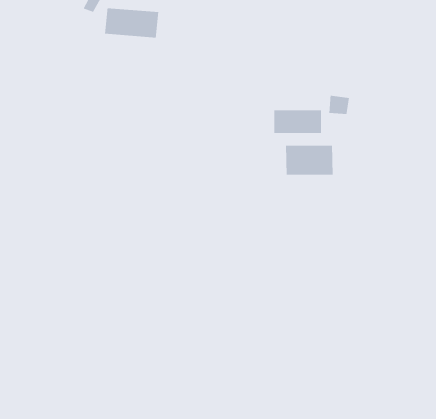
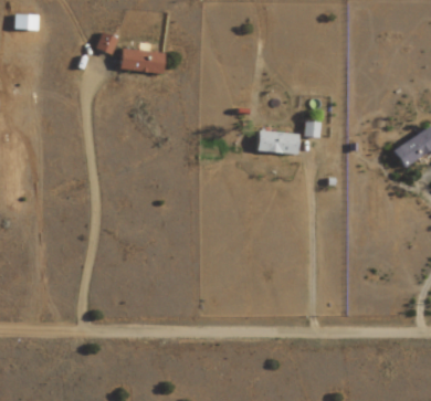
building: [285,145,333,176] -> none

